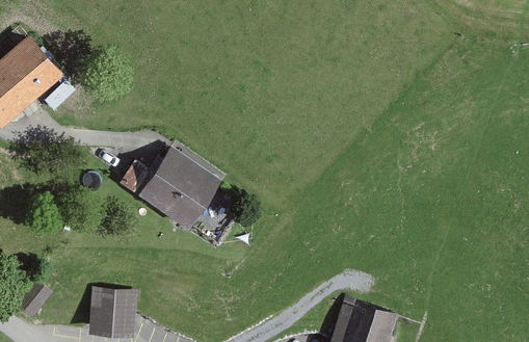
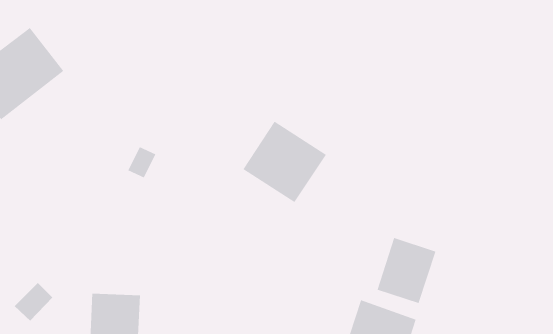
building: [142,151,222,229] -> [243,121,327,203]
building: none -> [377,237,436,304]

